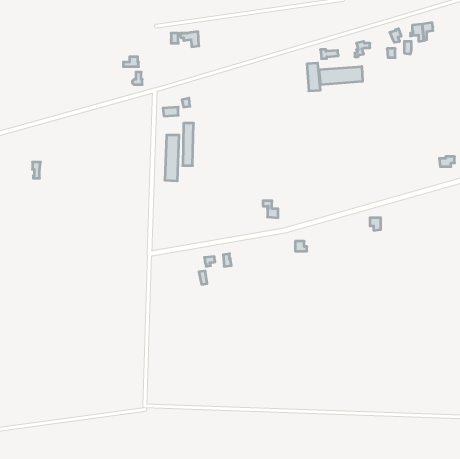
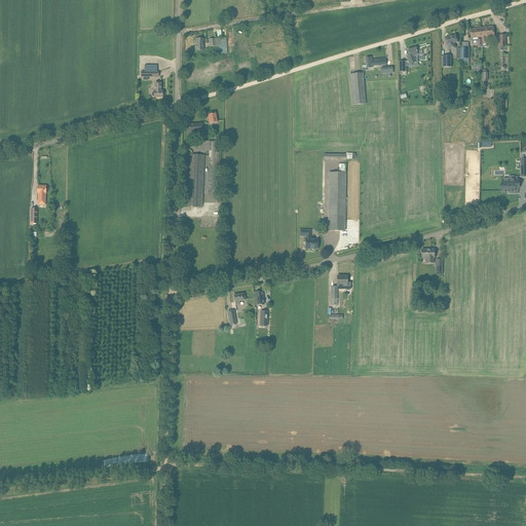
building: [319,66,363,85] -> none
building: none -> [328,172,346,230]

